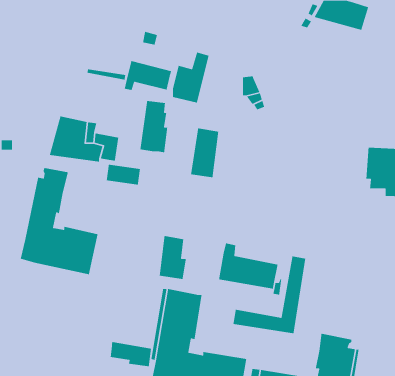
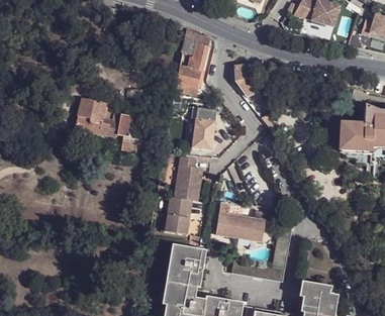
building: [124,60,172,91] -> none
building: [139,100,168,153] -> [175,156,199,201]
building: [20,167,98,275] -> none
building: [110,341,152,367] -> none

